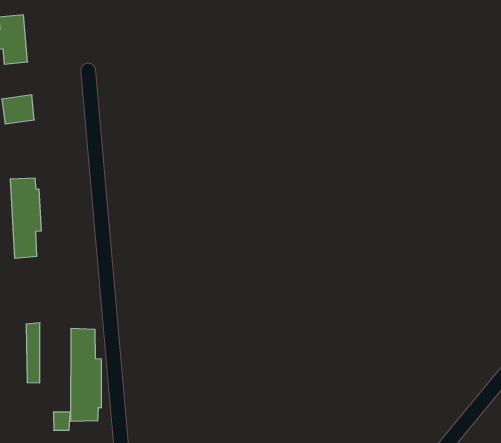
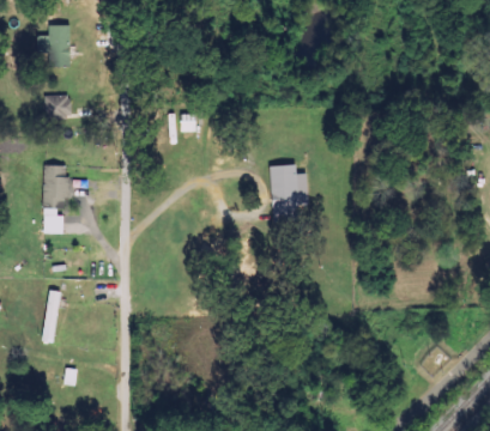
building: none -> [270,165,298,223]
building: [71,328,101,421] -> none

